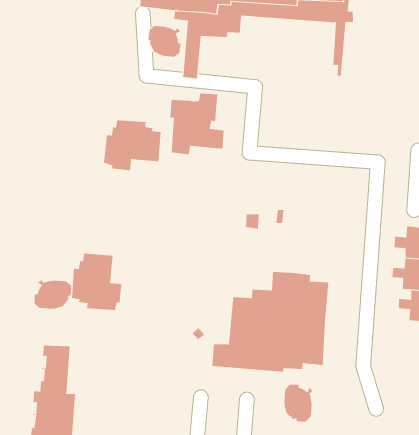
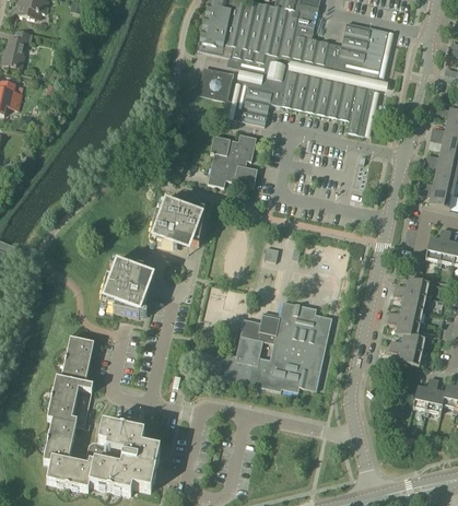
building: none -> [239,69,368,133]
building: [103,120,161,171] -> [149,200,204,247]
building: [34,279,72,309] -> none
building: [284,384,313,422] -> none

